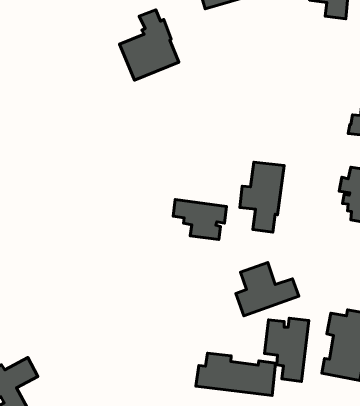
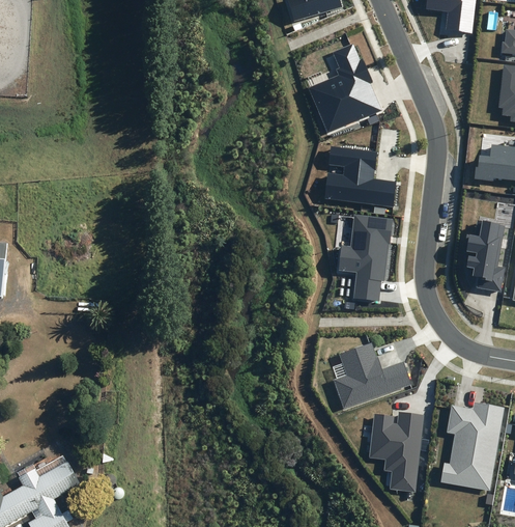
building: [120,10,179,80] -> [307,44,381,133]
building: none -> [323,146,396,207]
building: [173,200,227,240] -> none
building: [196,353,276,395] -> none

